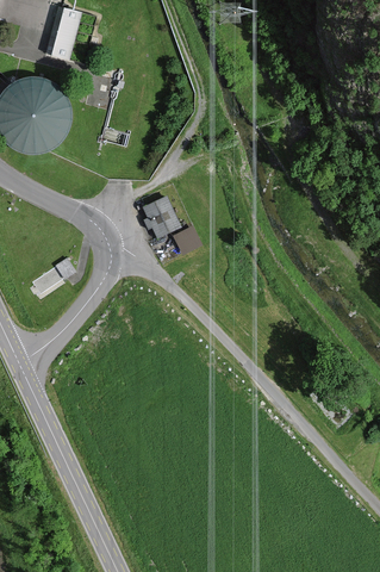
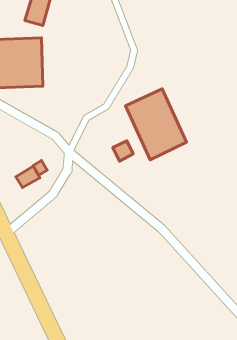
building: none -> [125,89,187,160]
building: [141,198,179,241] -> none

